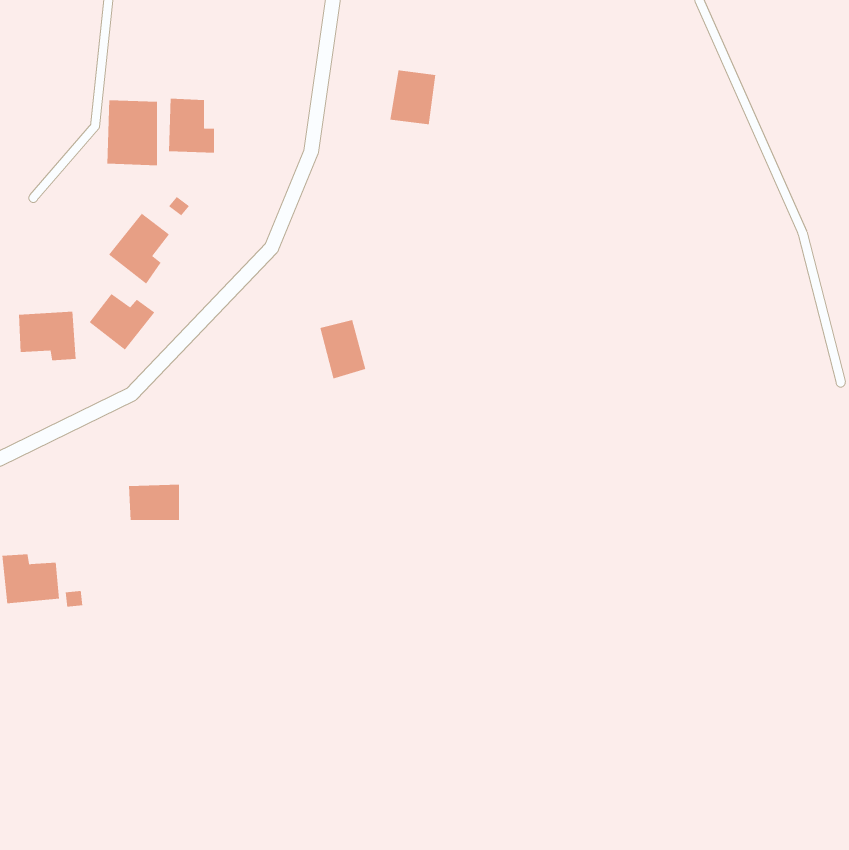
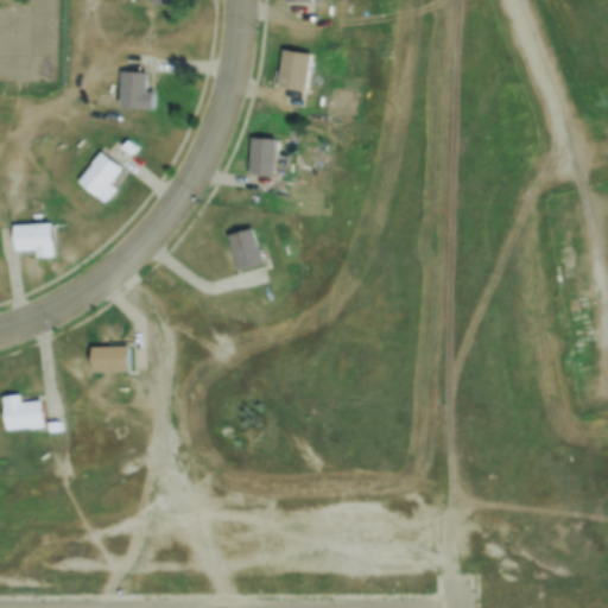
building: [107,99,158,166] -> none
building: none -> [251,138,276,175]
building: [89,293,155,350] -> none

